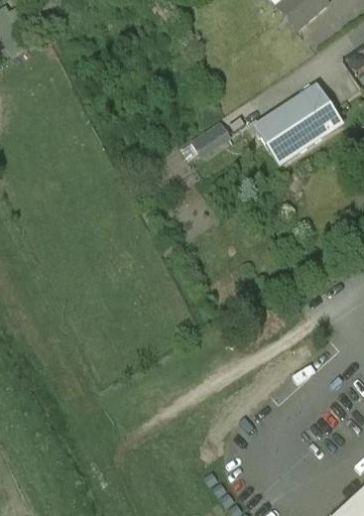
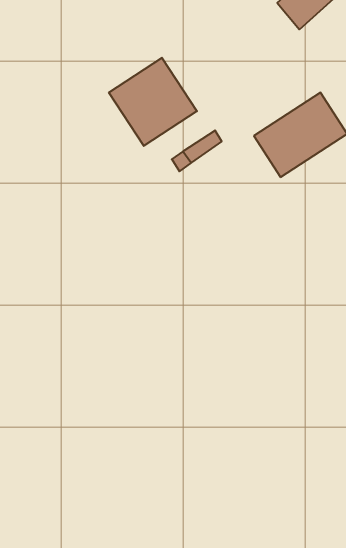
building: none -> [109,58,197,146]

